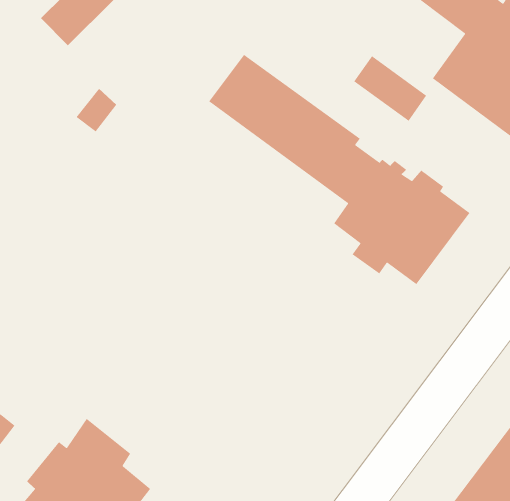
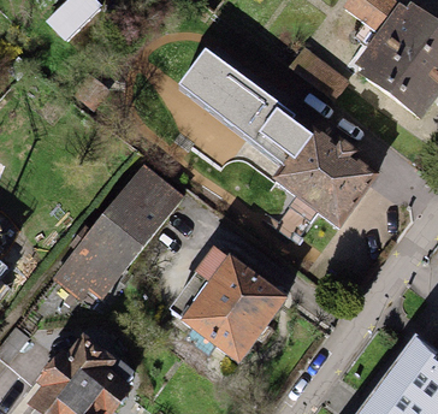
building: none -> [53,164,183,298]
building: none -> [168,246,288,362]

